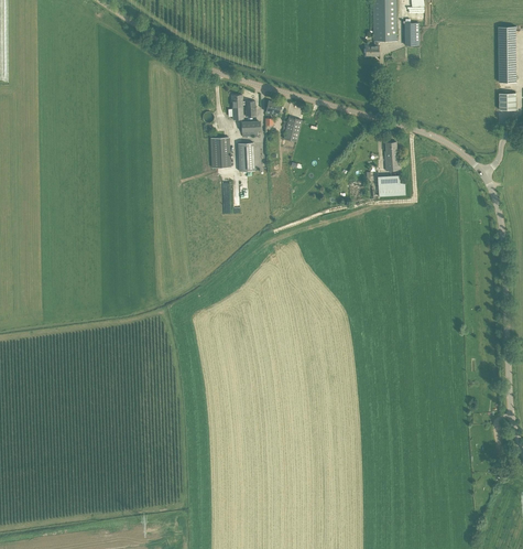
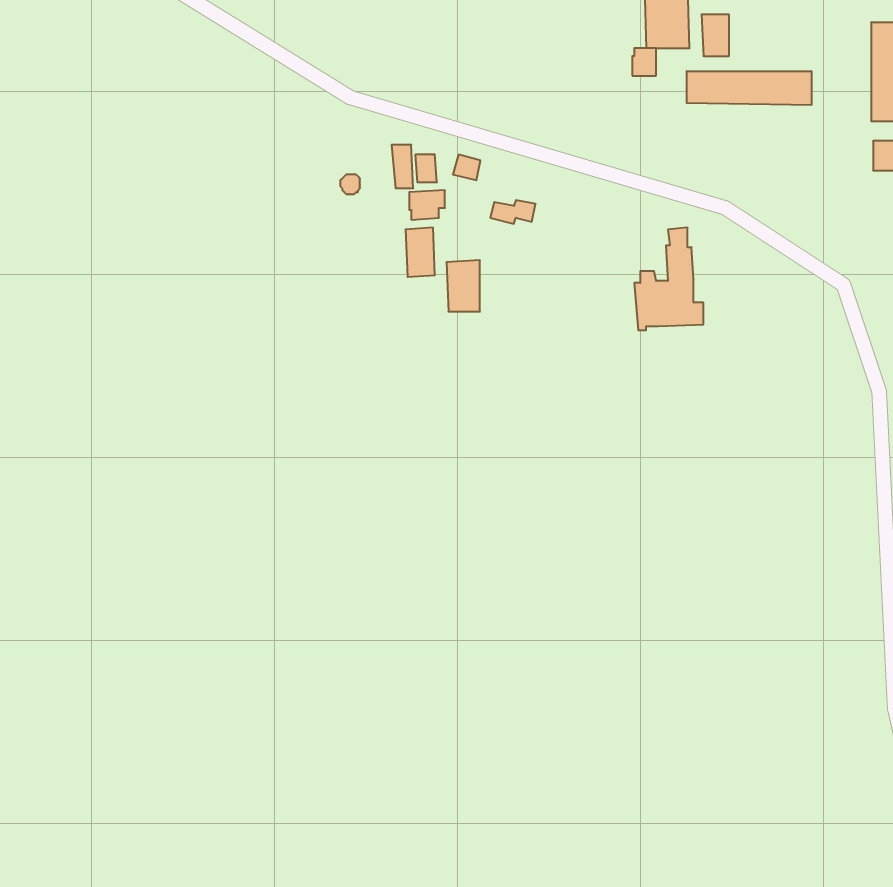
building: none -> [687,71,811,105]
building: [210,136,229,164] -> [446,260,480,312]

